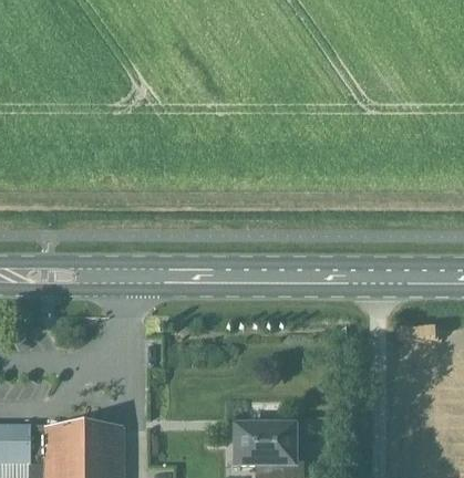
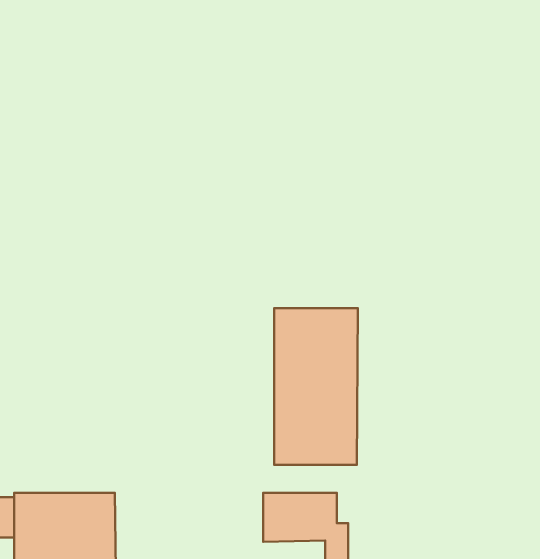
building: none -> [274,308,358,465]

